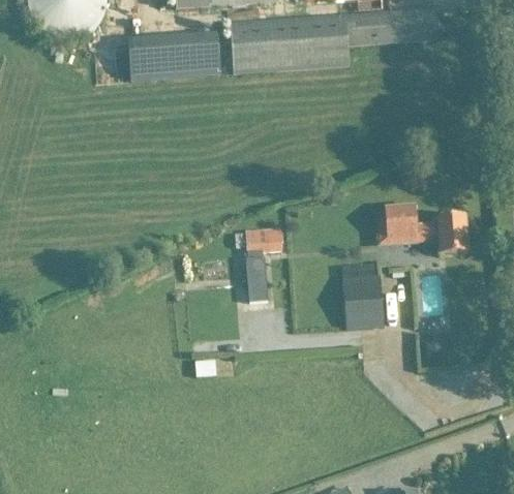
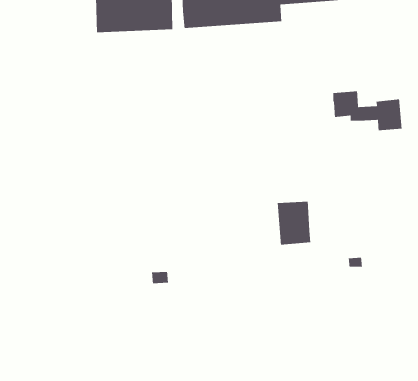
building: [385,205,467,252] -> [332,91,403,131]
building: [245,227,282,301] -> none

